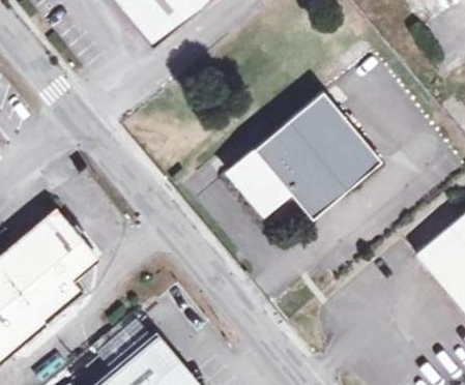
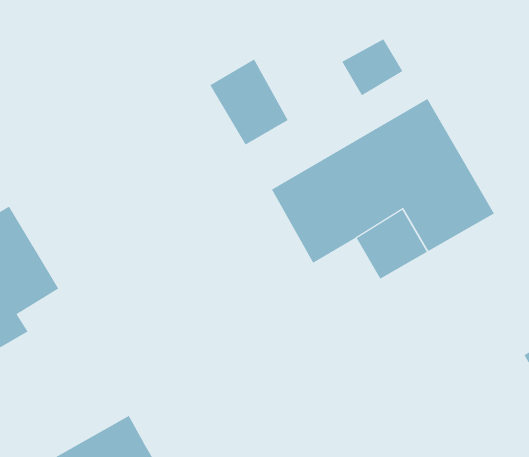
building: none -> [341,38,403,96]
building: none -> [209,59,288,146]

